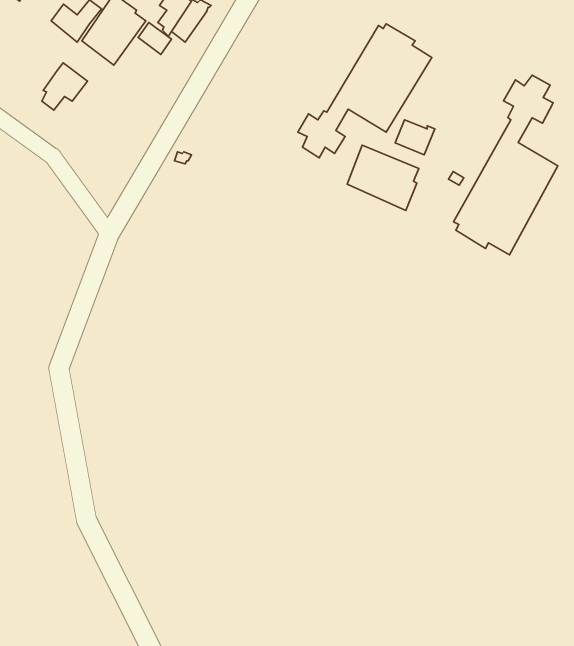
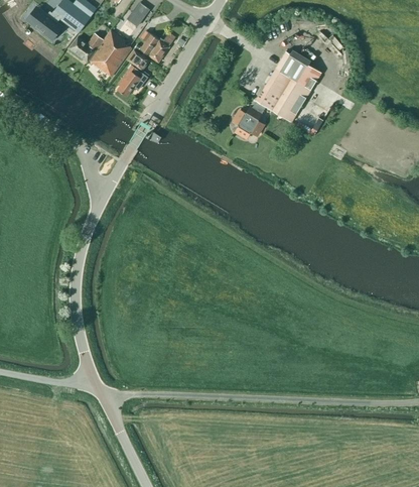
building: [42,63,87,110] -> [118,65,148,96]
building: [454,75,558,255] -> none
building: [347,145,419,210] -> none

